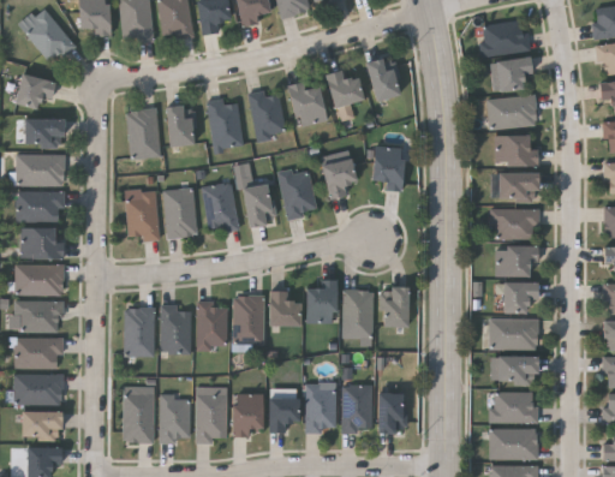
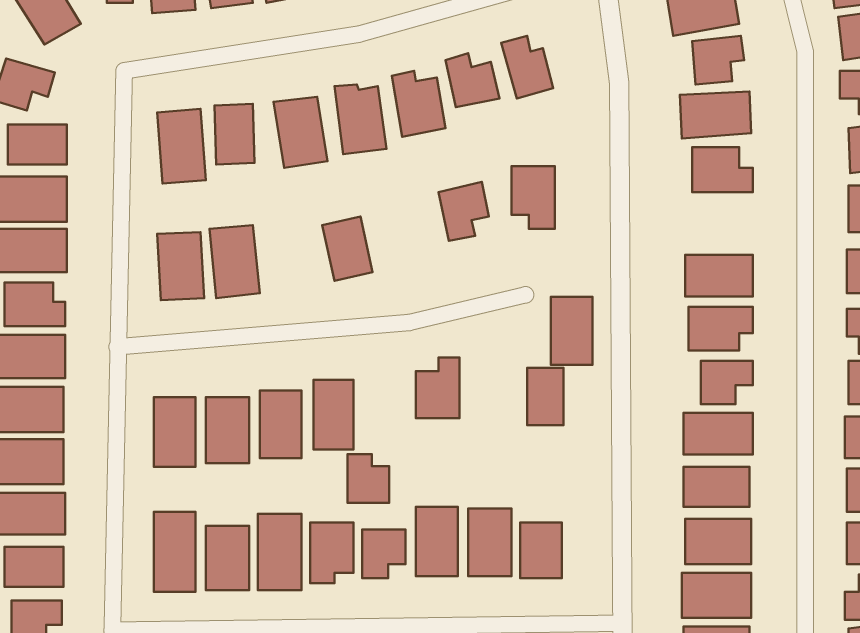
building: [281,168,317,217] -> none
building: [500,174,538,201] -> none
building: [202,183,240,233] -> none
building: [344,290,372,336] -> [551,297,592,365]
building: [270,292,299,326] -> [348,454,389,503]

